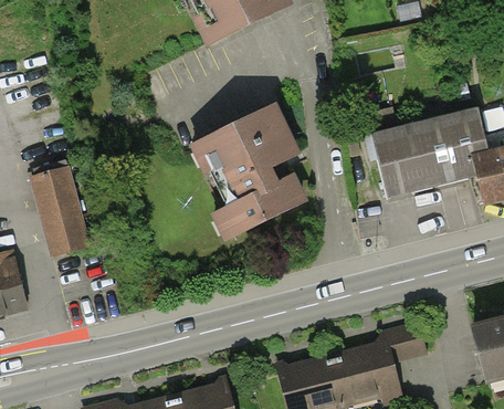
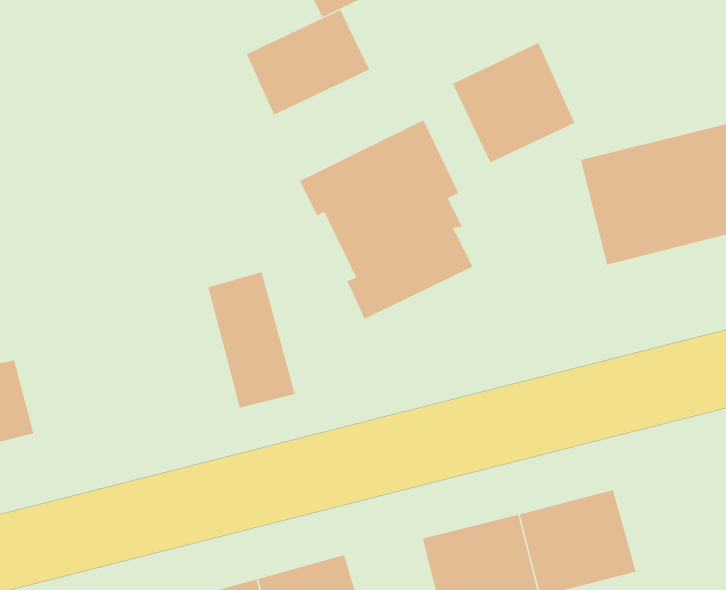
building: none -> [246,9,370,116]
building: none -> [452,42,575,163]
building: [34,167,90,253] -> [208,271,295,408]

